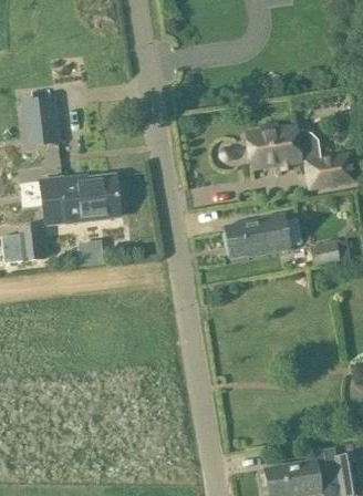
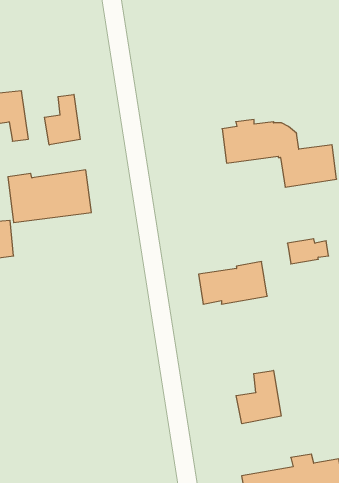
building: none -> [44,94,80,145]
building: [224,216,290,257] -> [199,262,267,304]
building: none -> [236,370,281,424]

